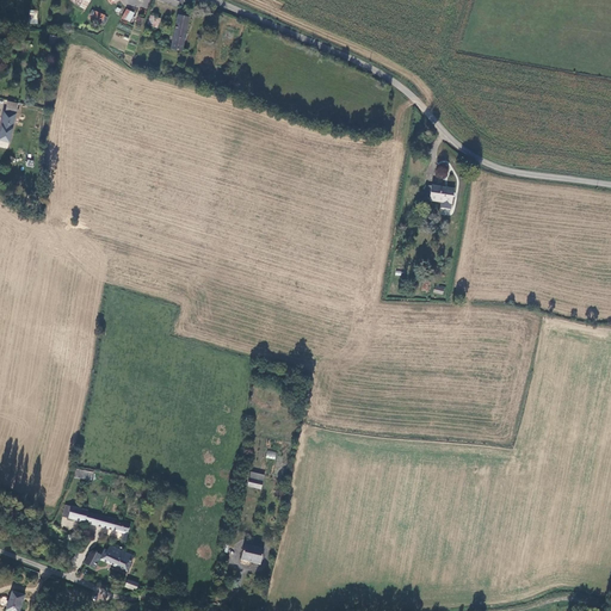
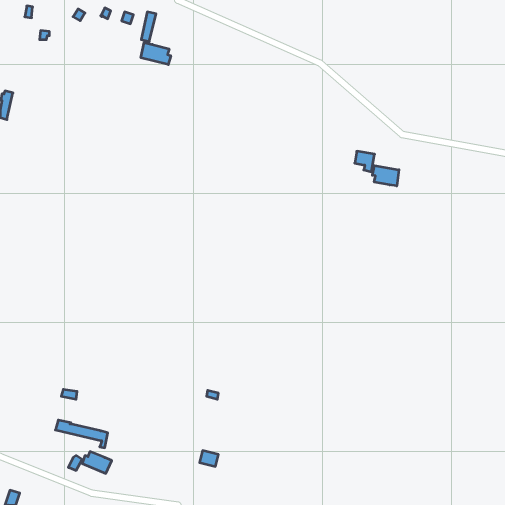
building: none -> [141,43,171,65]
building: none -> [372,166,399,186]

